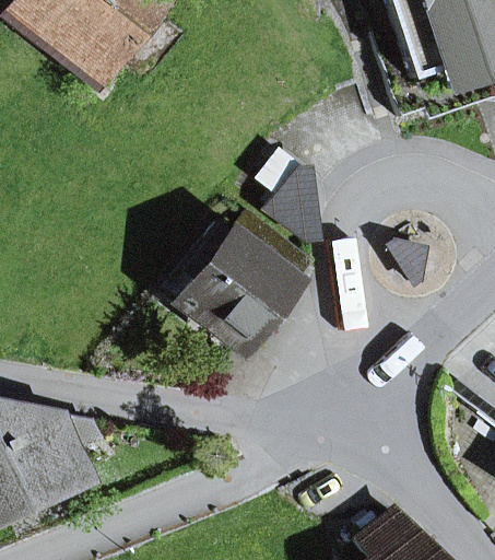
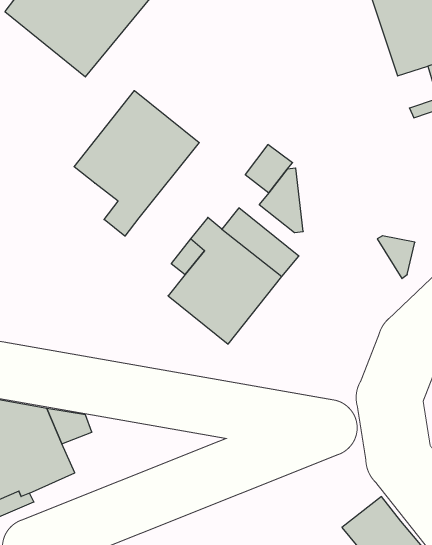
building: none -> [74,91,199,236]

